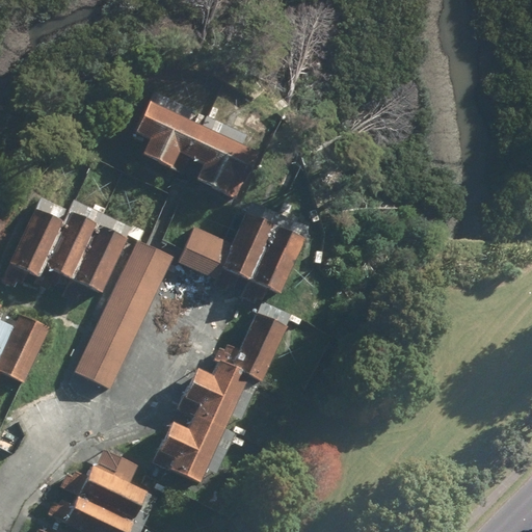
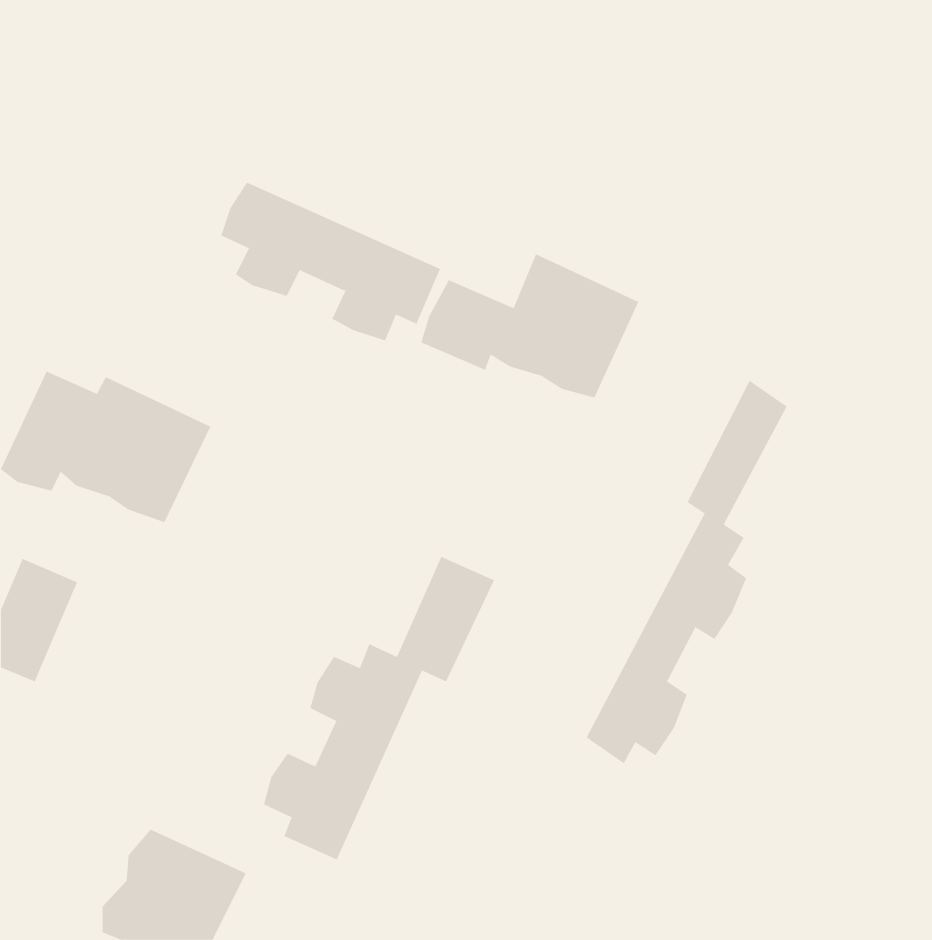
building: [181,211,303,292] -> [421,254,639,398]
building: none -> [586,380,787,764]
building: [79,238,176,388] -> none

